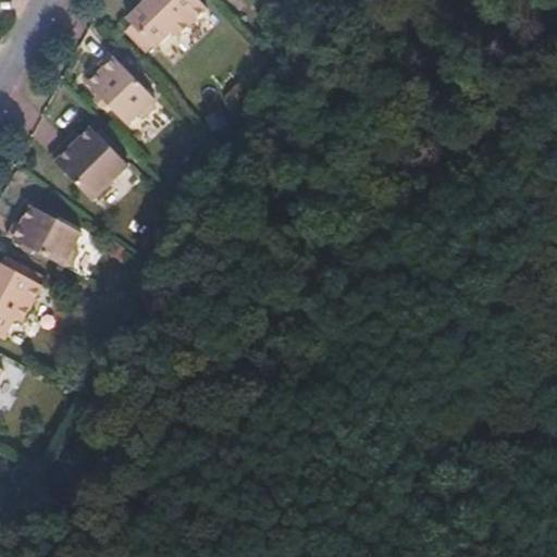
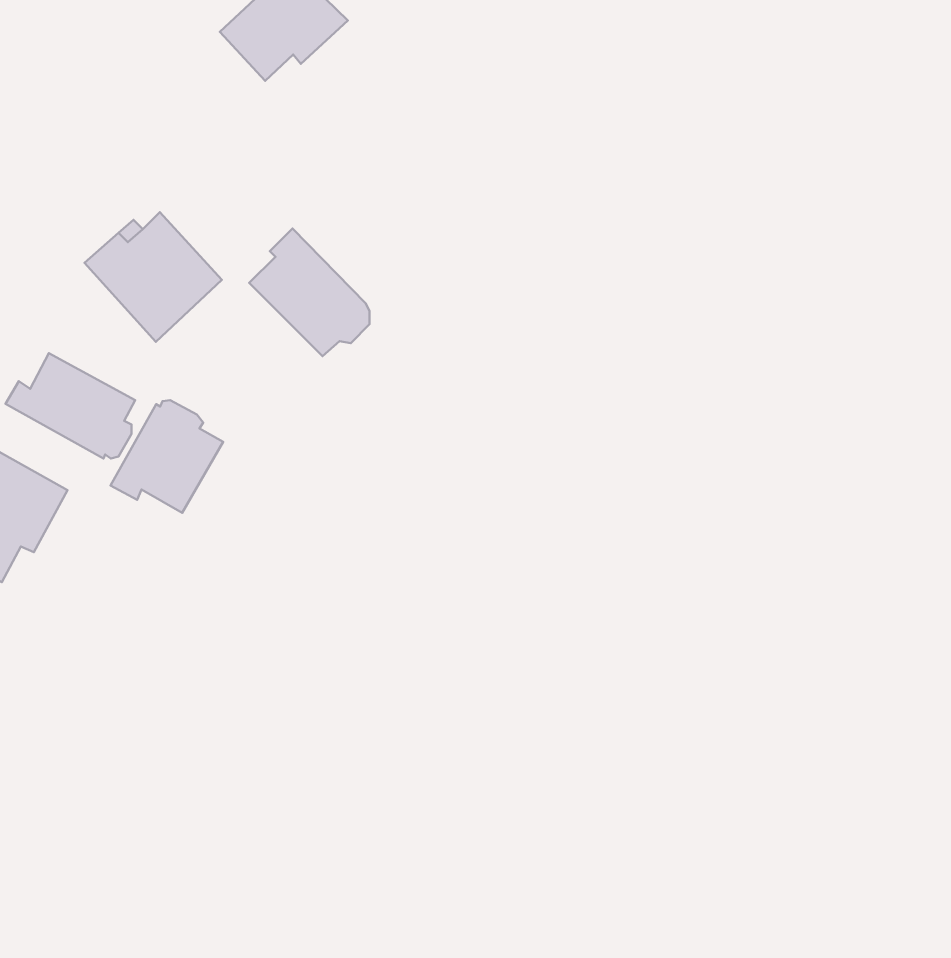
building: [84,50,153,124] -> [249,229,370,356]
building: none -> [111,400,223,513]

